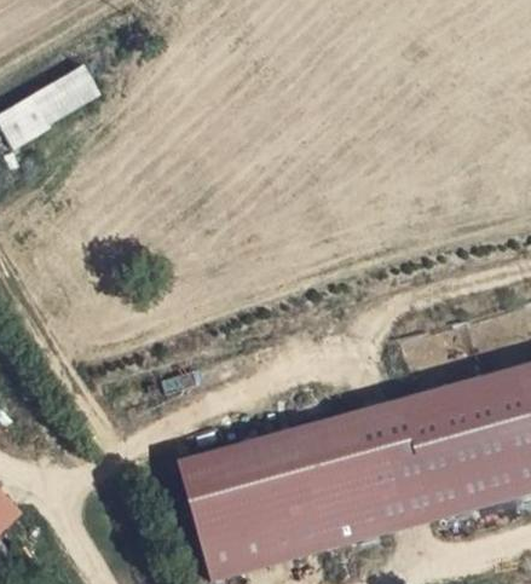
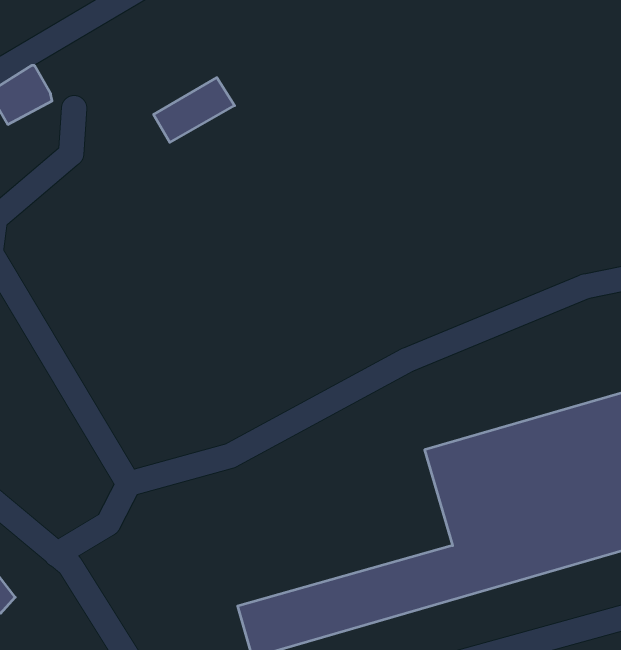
building: [31,65,98,118] -> [154,78,235,142]
building: [177,411,375,539] -> none

